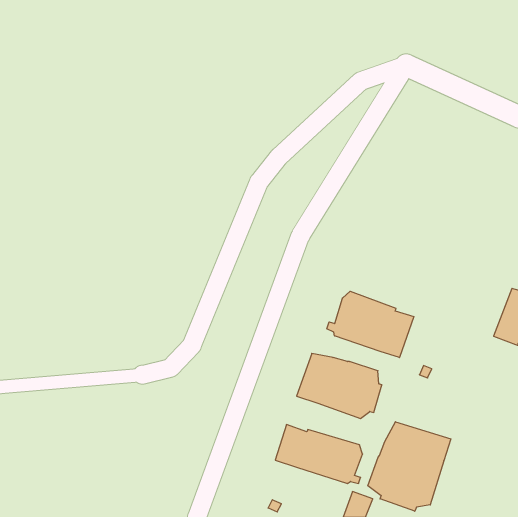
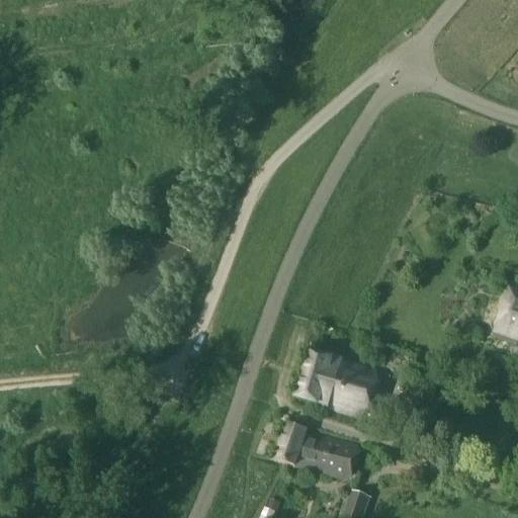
building: [327,291,414,358] -> none
building: [368,422,451,511] -> none

